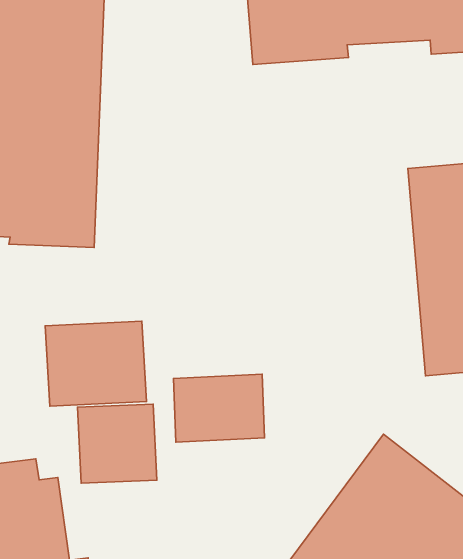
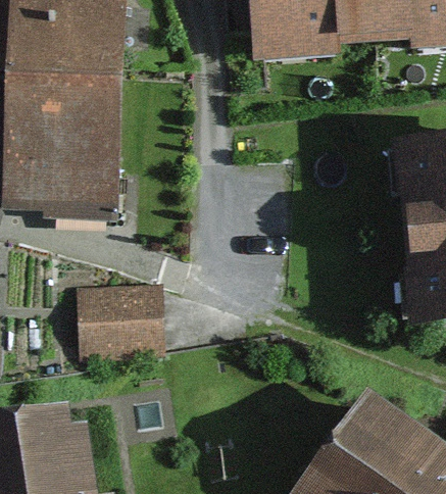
building: [174,374,264,442] -> none
building: [77,404,157,483] -> none

